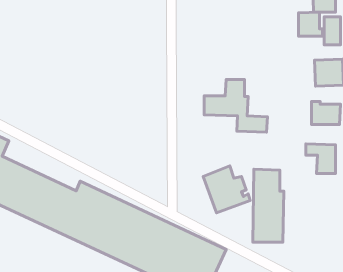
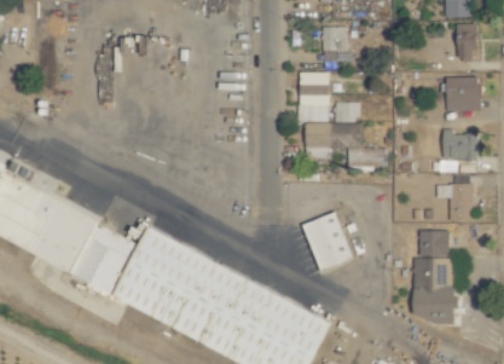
building: [299,12,322,36] -> none
building: none -> [319,27,346,51]
building: none -> [297,73,326,122]
building: [253,169,284,242] -> [415,231,453,323]

